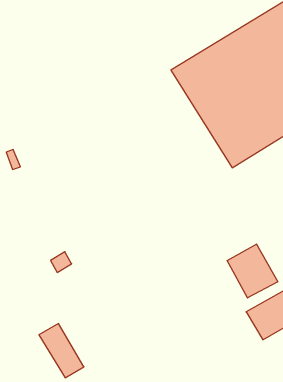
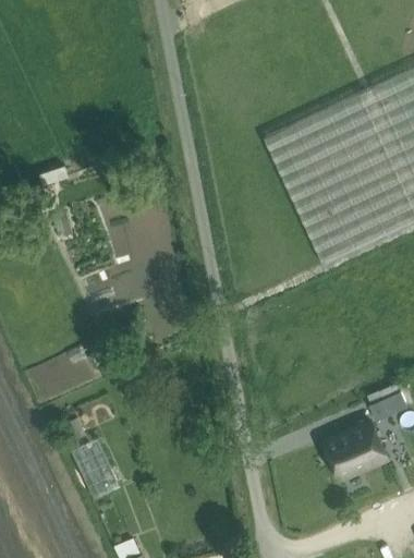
building: [227,244,278,298] -> none

